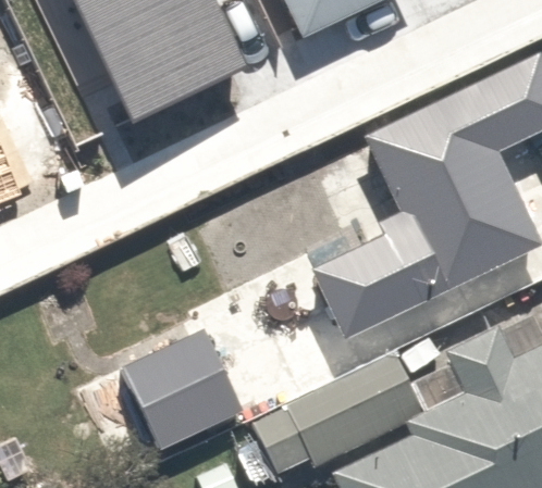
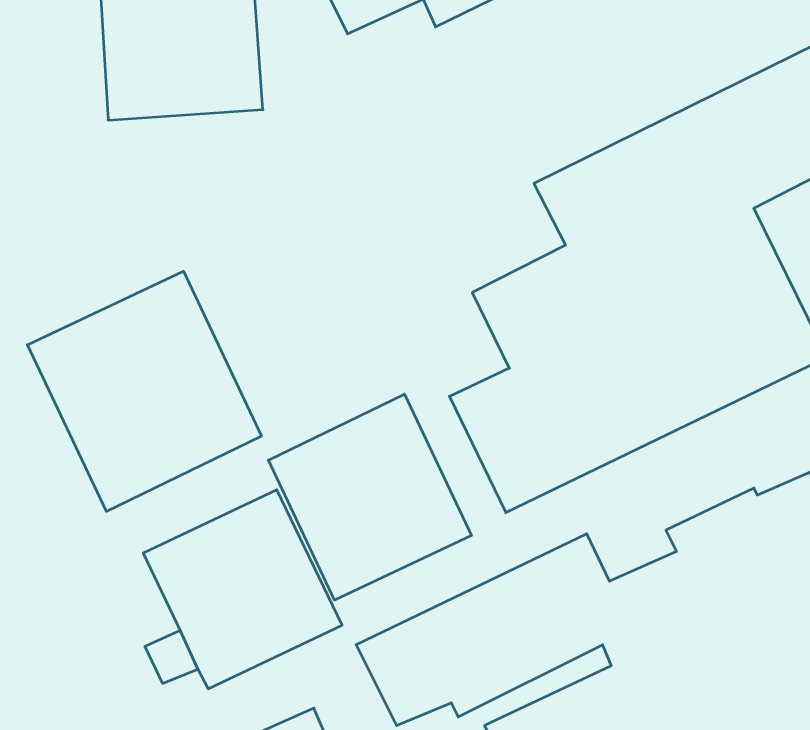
building: none -> [27,271,261,511]
building: none -> [268,394,471,600]

